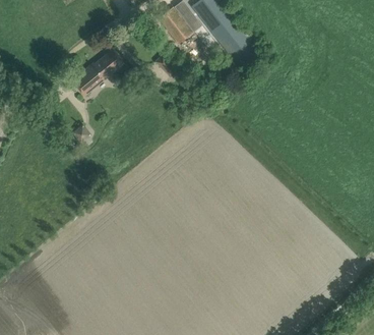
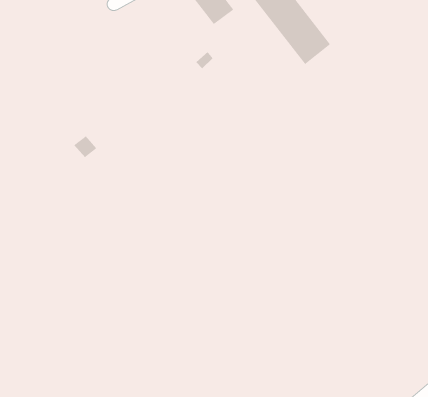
building: [72,50,123,96] -> none

